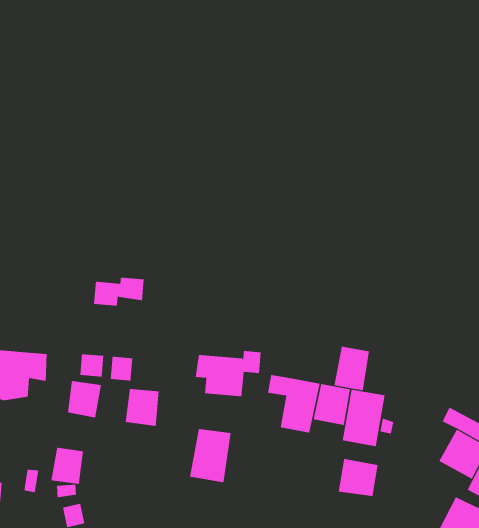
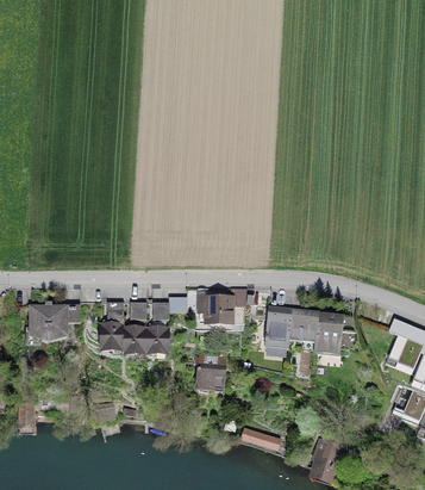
building: [93,277,144,306] -> [149,297,187,320]
building: [334,346,369,391] -> none
building: [50,447,84,485] -> [120,324,144,352]
building: [338,458,378,497] -> none

